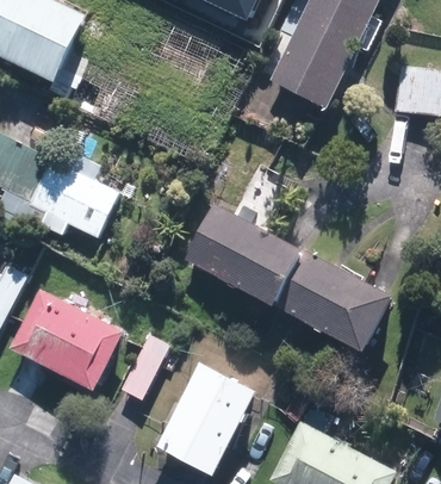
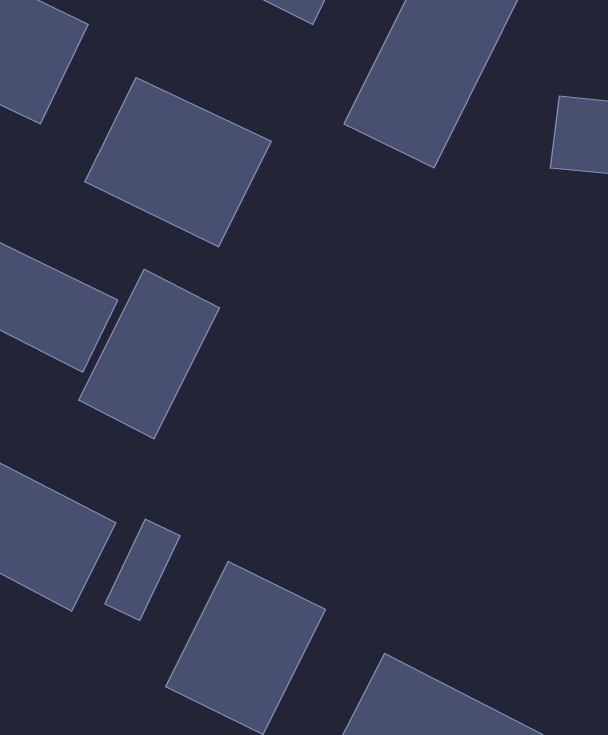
building: none -> [85,77,271,247]
building: none -> [79,269,220,439]
building: [182,206,397,354] -> none

